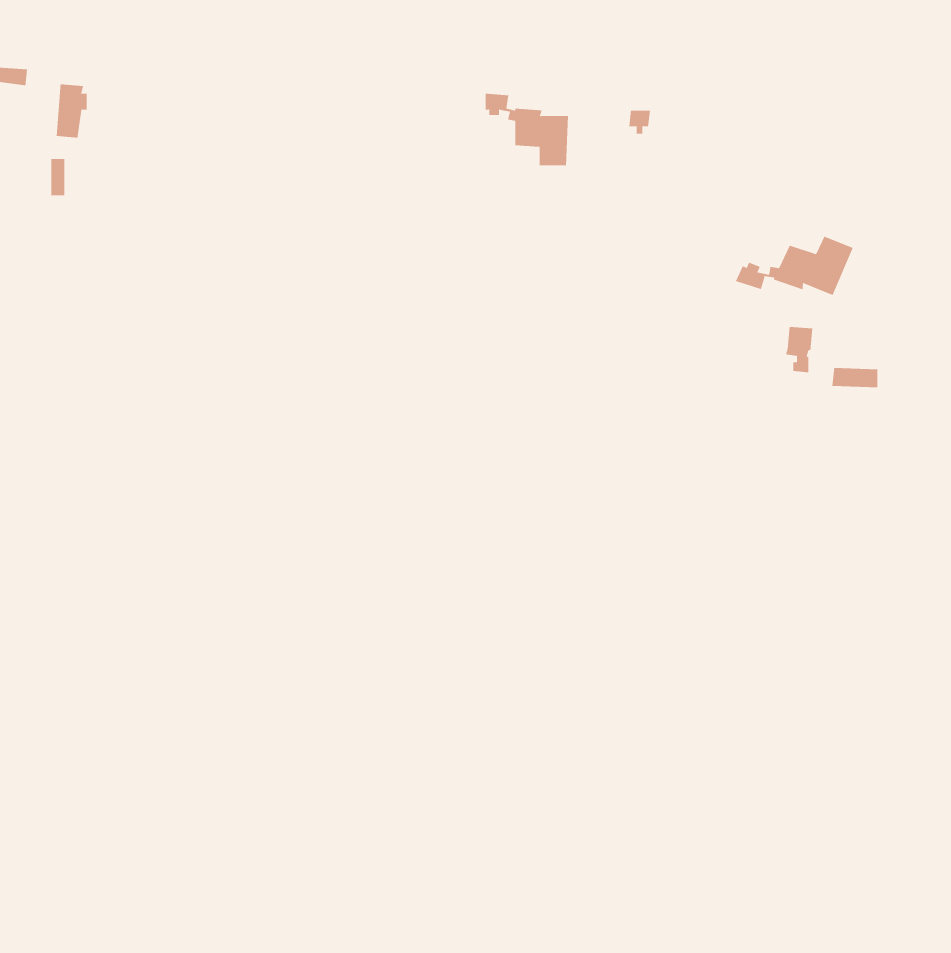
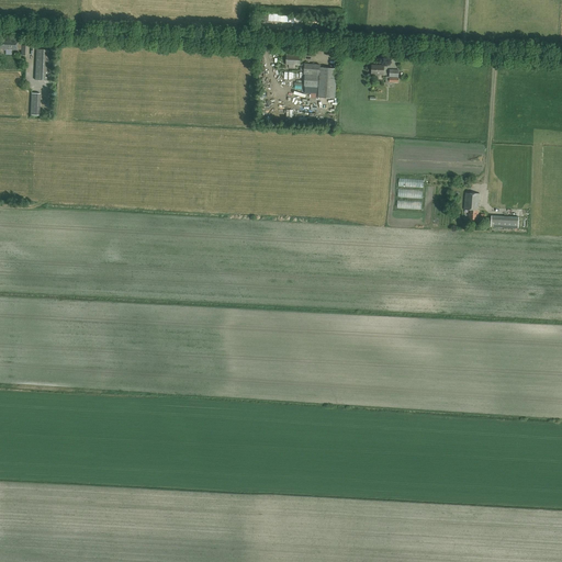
building: [735,236,853,296] -> none

